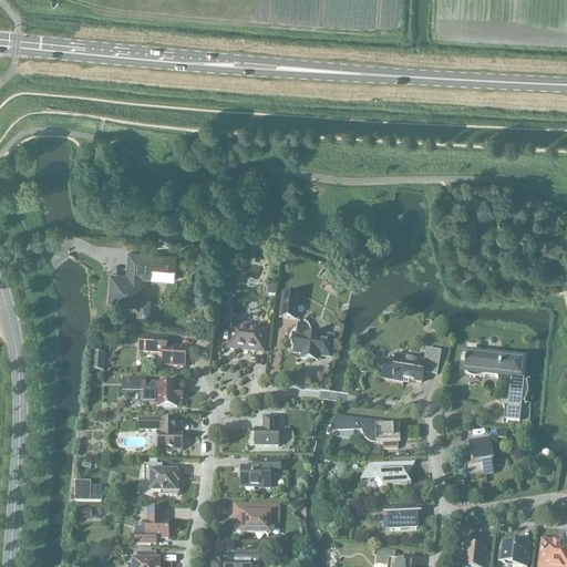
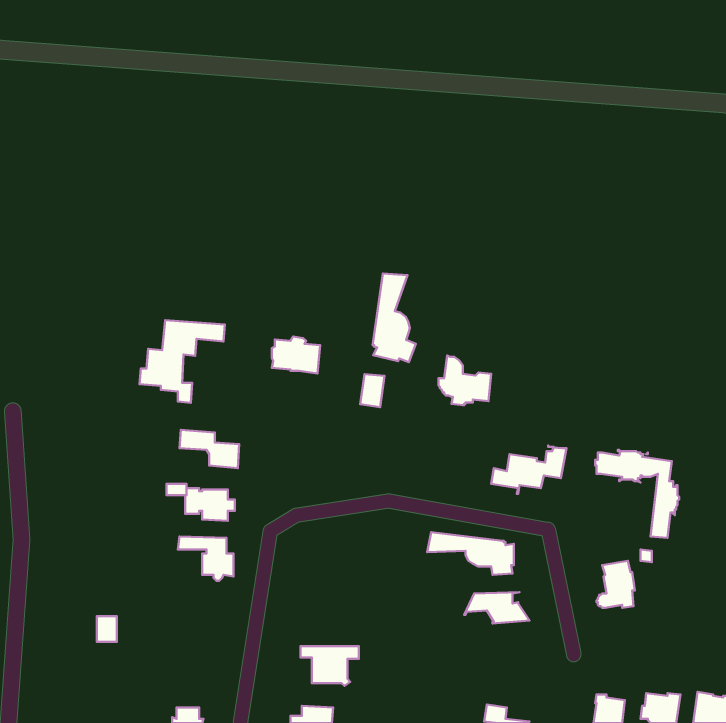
building: none -> [373,274,416,362]
building: [292,319,333,358] -> [439,355,491,405]
building: [229,321,267,350] -> [272,337,320,374]
building: [256,414,280,444] -> none
building: [243,457,281,486] -> none
building: [145,462,181,494] -> none
building: [384,505,417,527] -> none
building: [136,507,169,542] -> none

